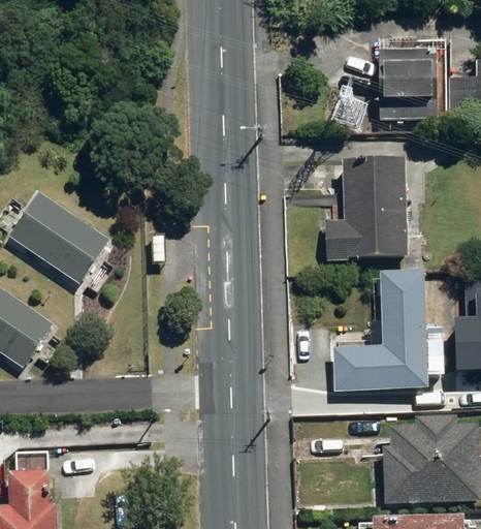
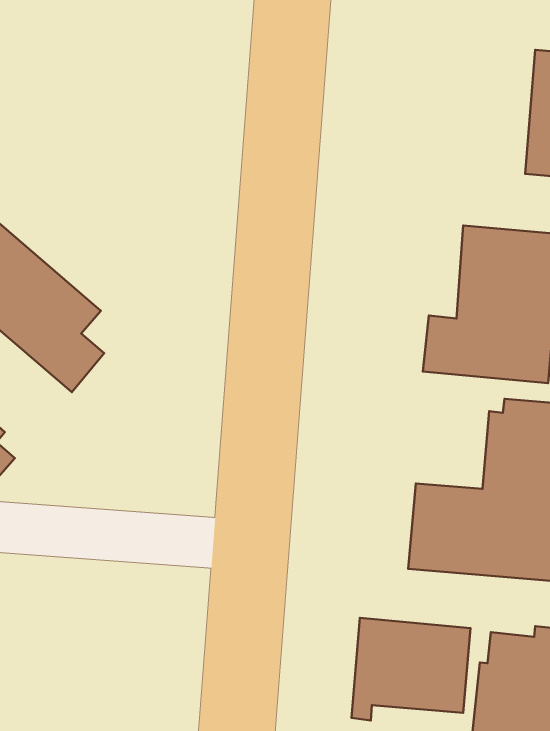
building: none -> [352,618,470,720]

